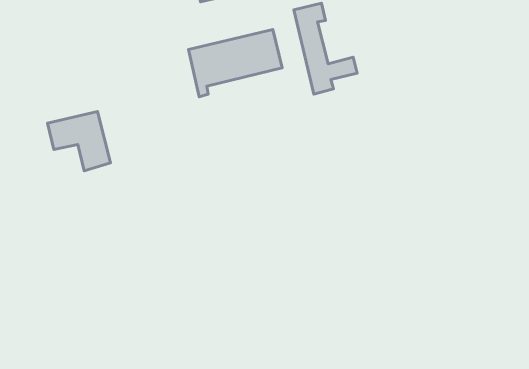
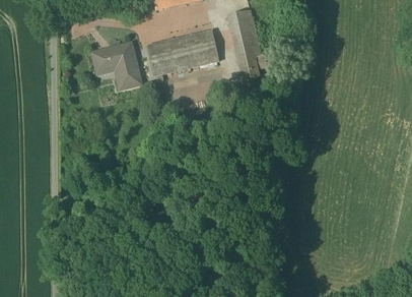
building: [47,111,111,171] -> [92,43,141,88]

